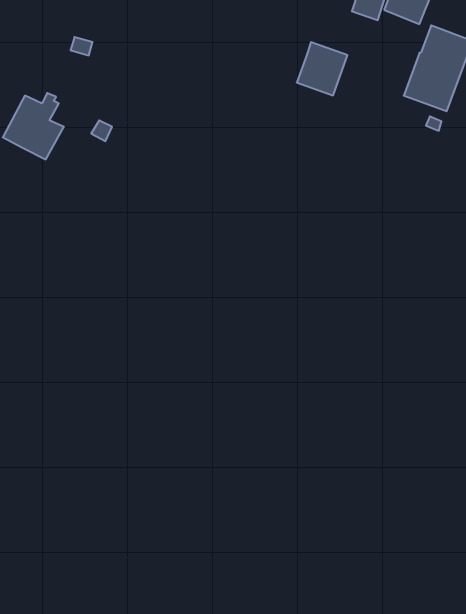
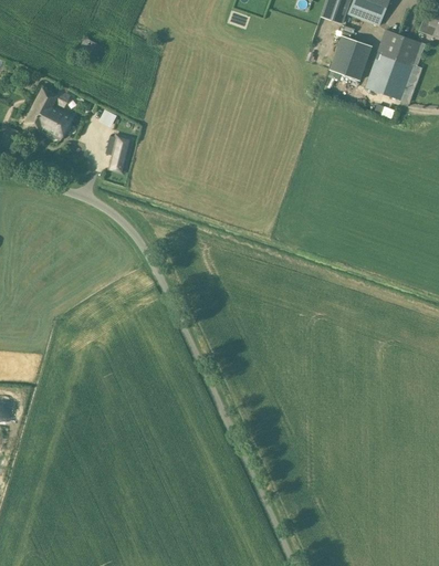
building: [297,42,347,95] -> [328,34,372,80]
building: none -> [107,133,134,174]

